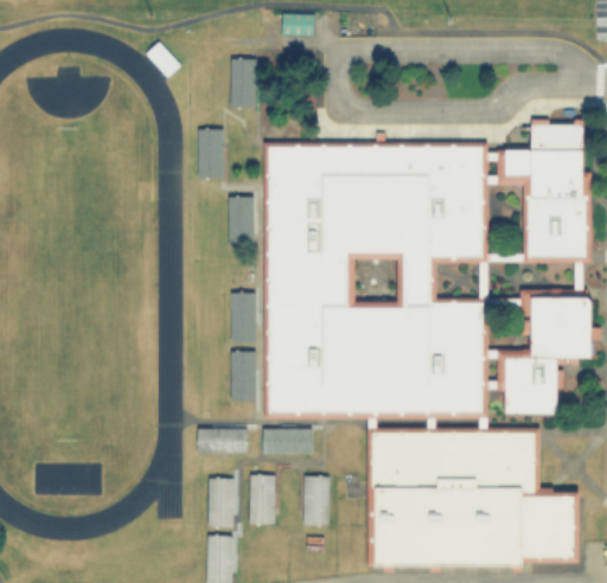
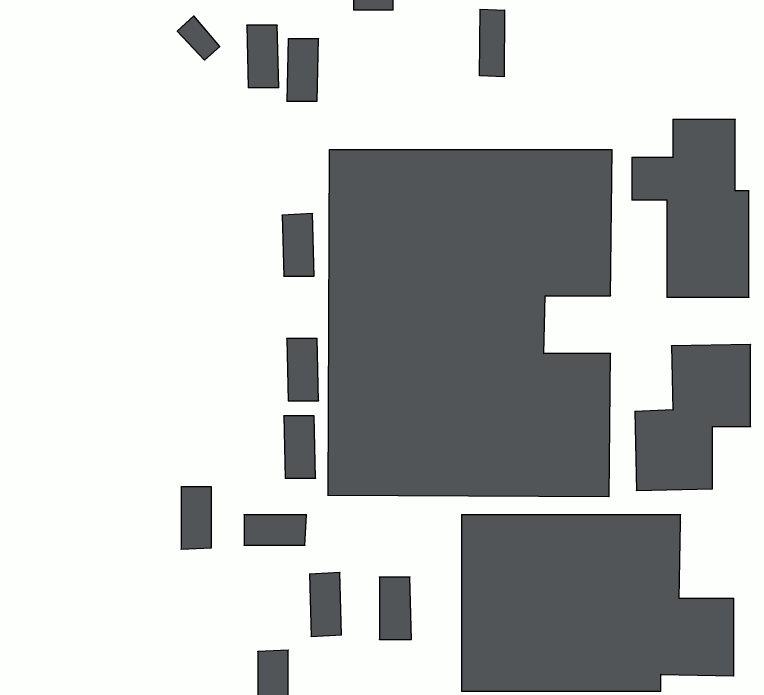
building: none -> [480,9,504,77]
building: [198,128,223,177] -> [247,25,279,88]
building: [263,428,312,451] -> none
building: [209,478,232,526] -> [181,487,211,549]

